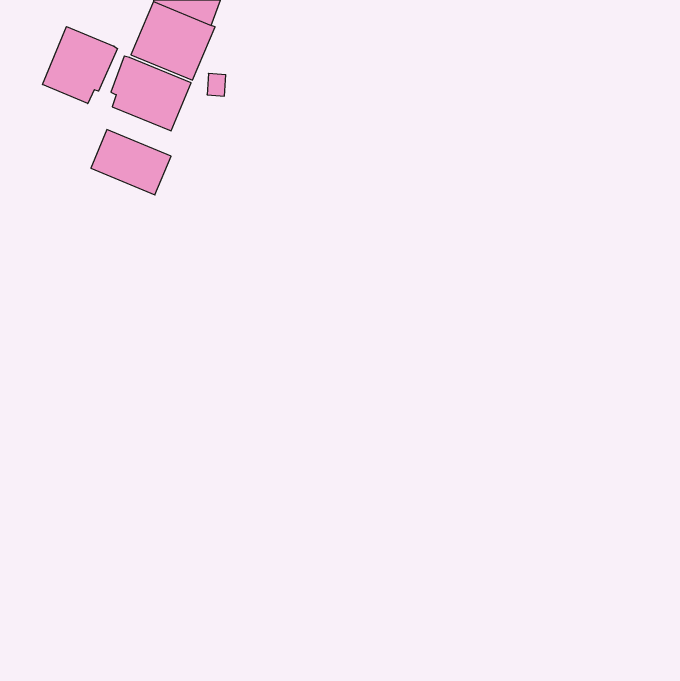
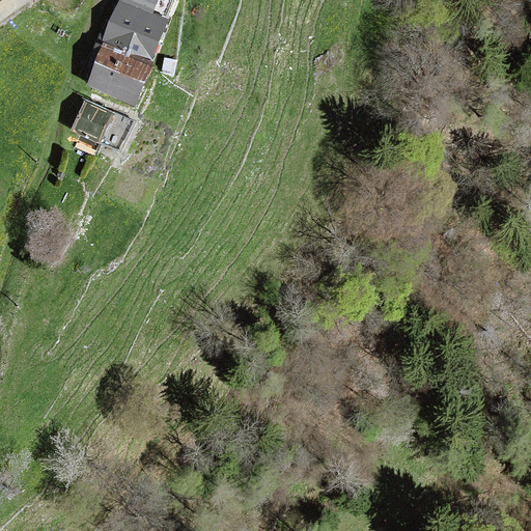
building: [43,27,117,104] -> none

